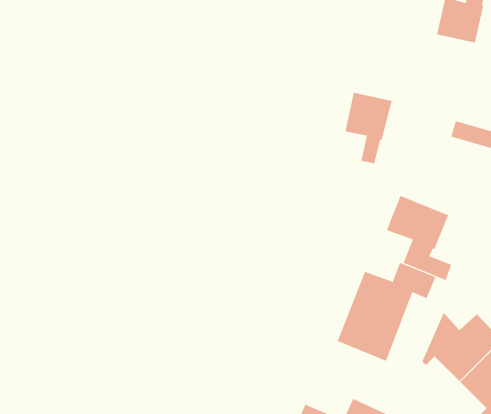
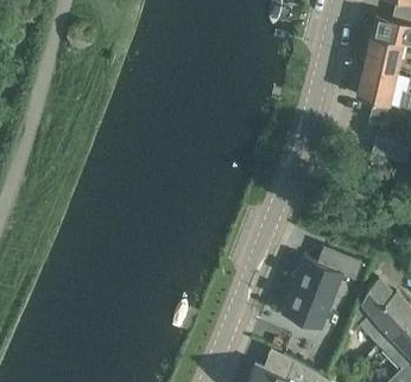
building: [344,92,392,164] -> [355,65,394,123]
building: [386,195,452,281] -> none

